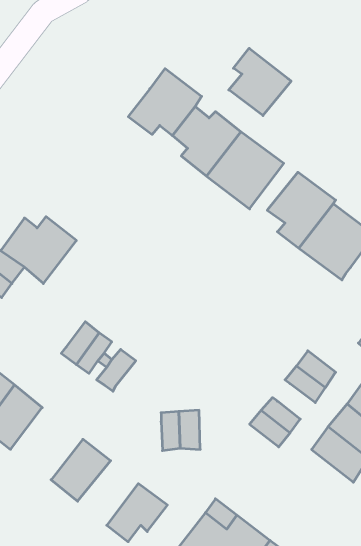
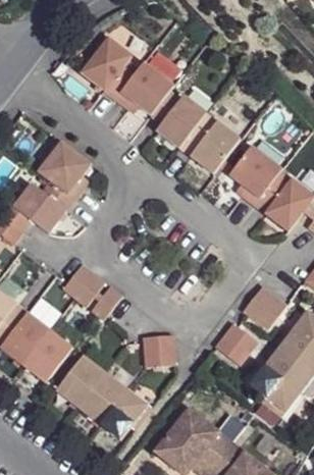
building: none -> [85,37,135,98]
building: [229,48,291,116] -> none
building: none -> [38,139,91,198]
building: none -> [22,332,70,383]
building: none -> [251,366,299,415]
building: none -> [76,375,125,427]

